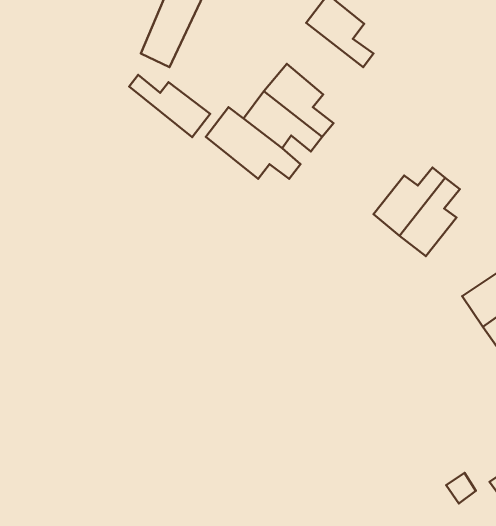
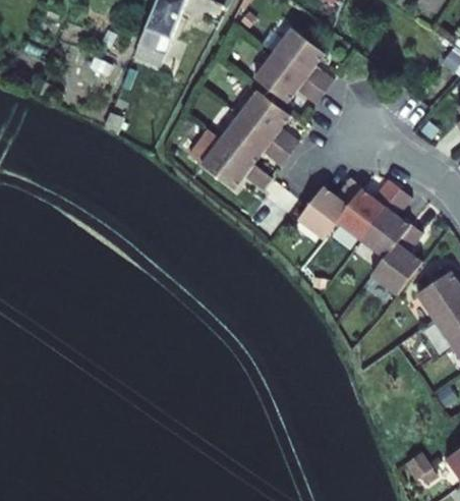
building: none -> [256,50,328,102]
building: [129,75,210,137] -> none
building: none -> [298,175,364,238]
building: none -> [370,224,423,295]

